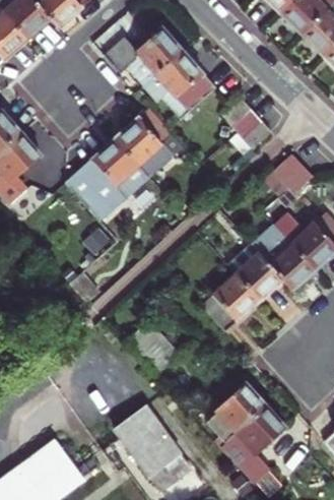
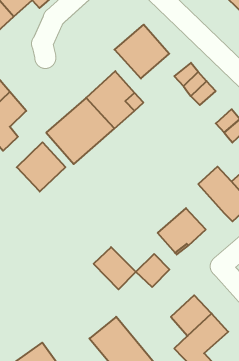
building: [104,26,183,80] -> none
building: none -> [17,142,65,192]
building: [226,245,281,301] -> none
building: none -> [136,254,169,287]

